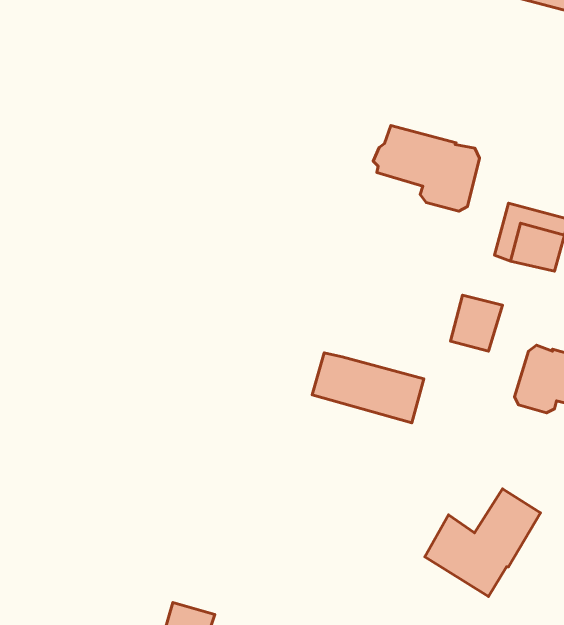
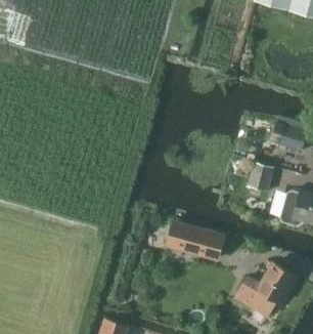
building: [373,125,479,211] -> none
building: [312,353,424,423] -> [166,223,223,259]

